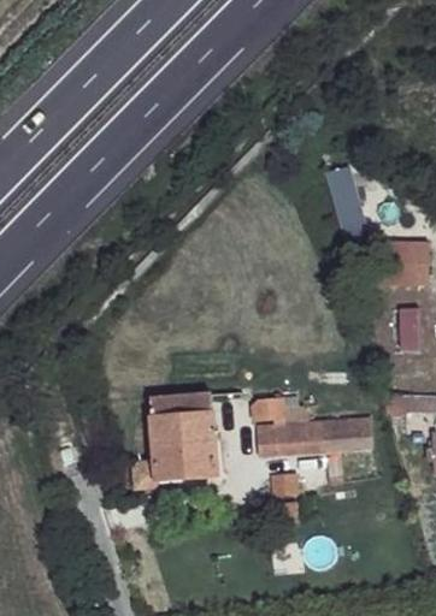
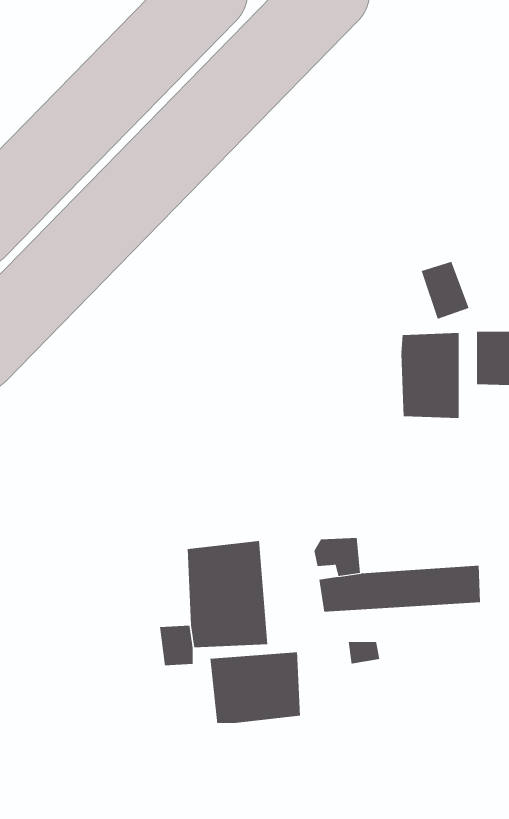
building: none -> [401,332,459,419]
building: none -> [210,651,300,724]

